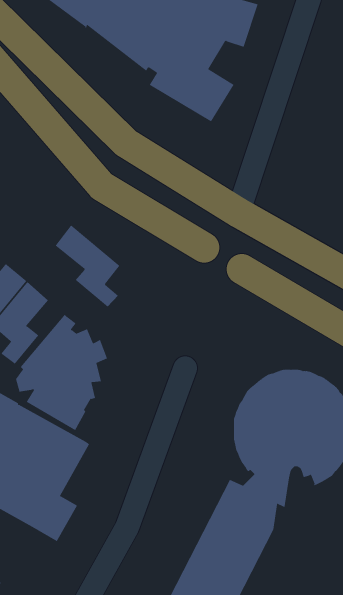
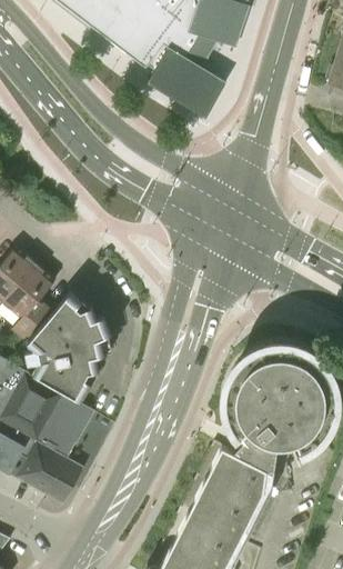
building: [55,225,120,308] -> none

